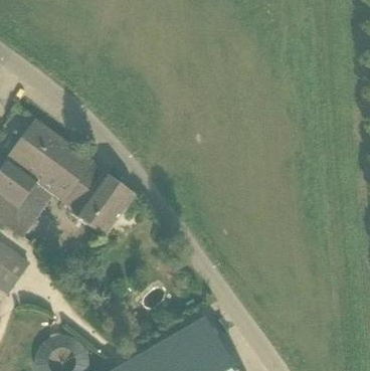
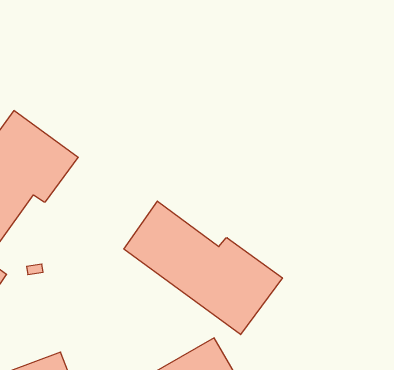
building: [60,163,134,238] -> none
building: none -> [124,201,282,335]

